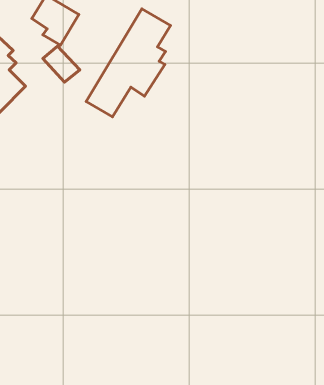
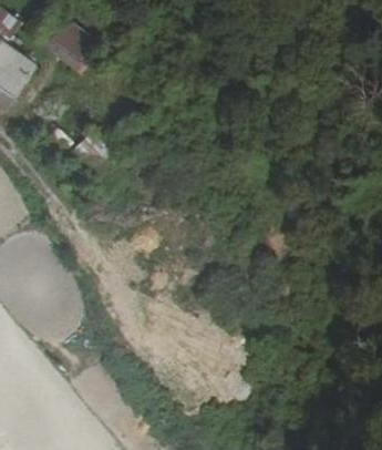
building: [86,9,170,117] -> none

